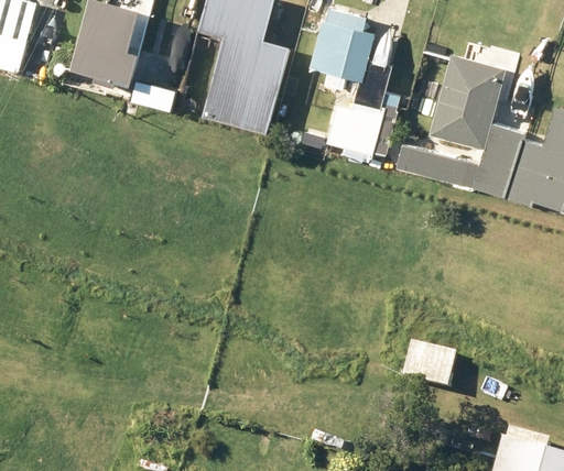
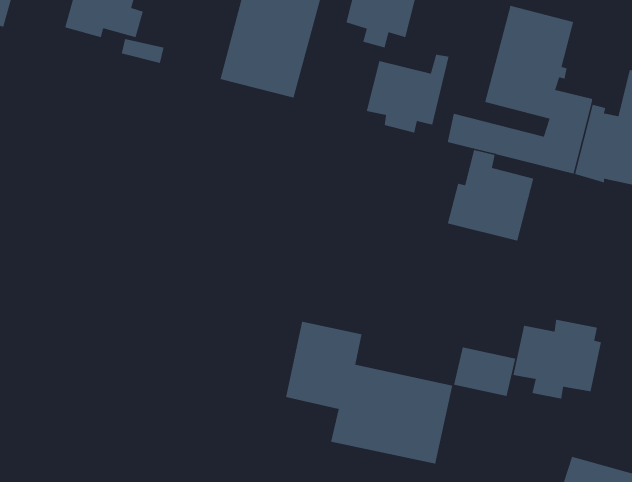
building: none -> [447,149,534,241]
building: none -> [513,319,602,400]
building: none -> [285,321,453,464]

